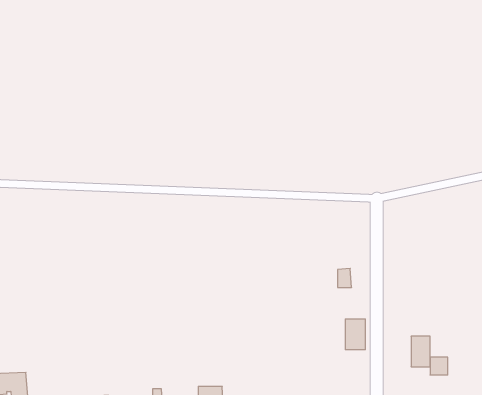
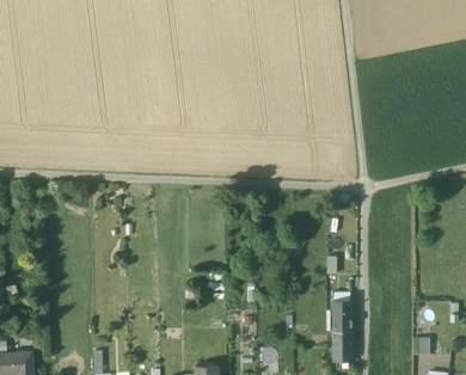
building: [411,336,430,367] -> [333,331,351,359]

